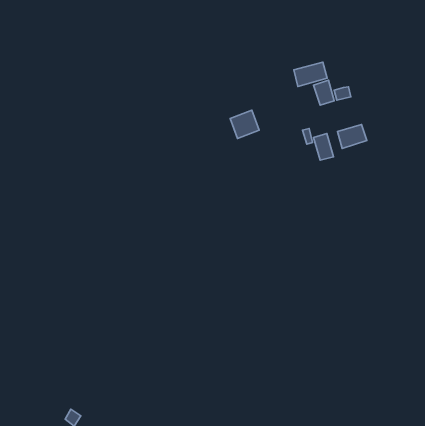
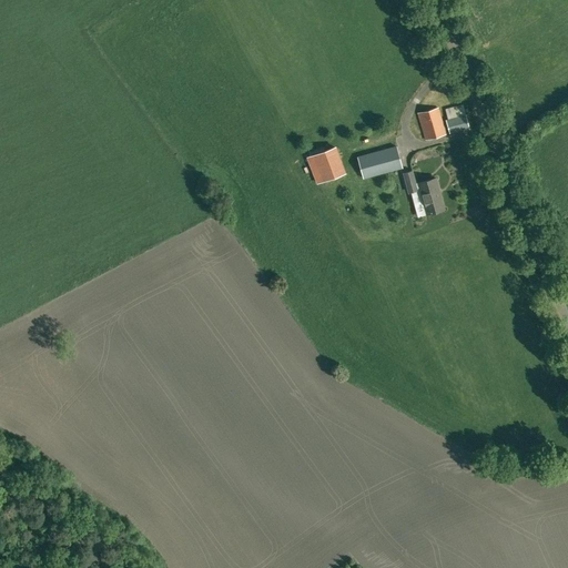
building: [294,62,327,86] -> [357,146,402,179]
building: [337,125,367,149] -> none

